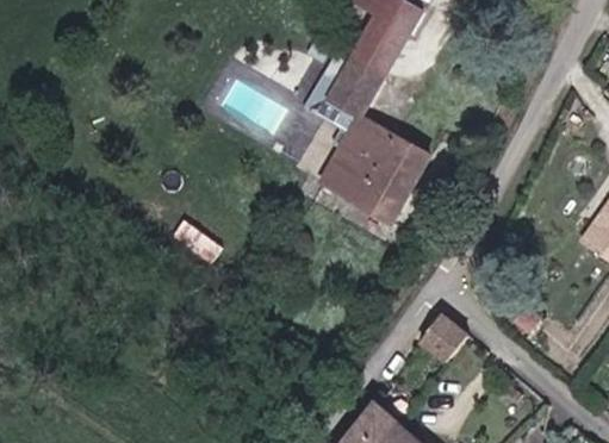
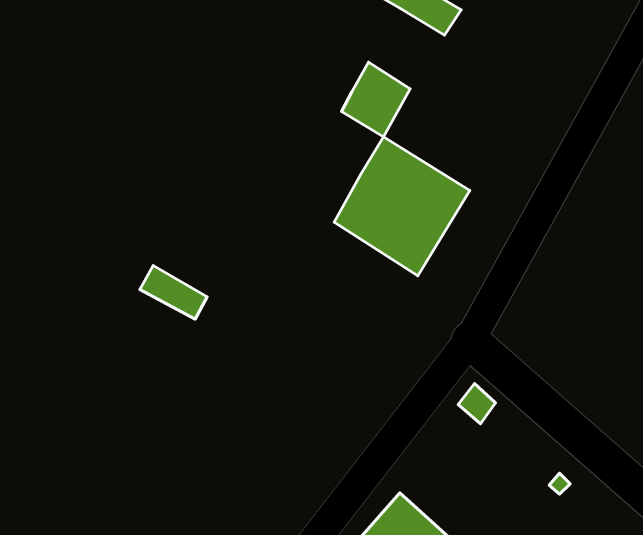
building: [350,14,411,79] -> none
building: [303,73,362,146] -> none

